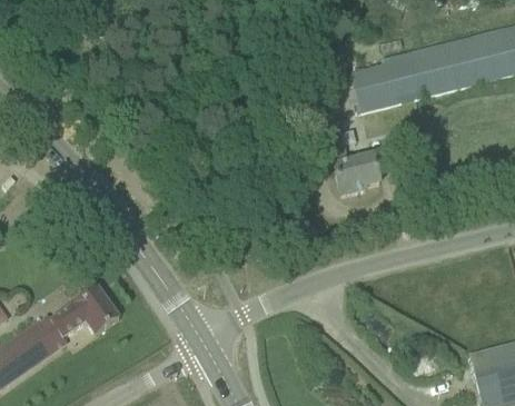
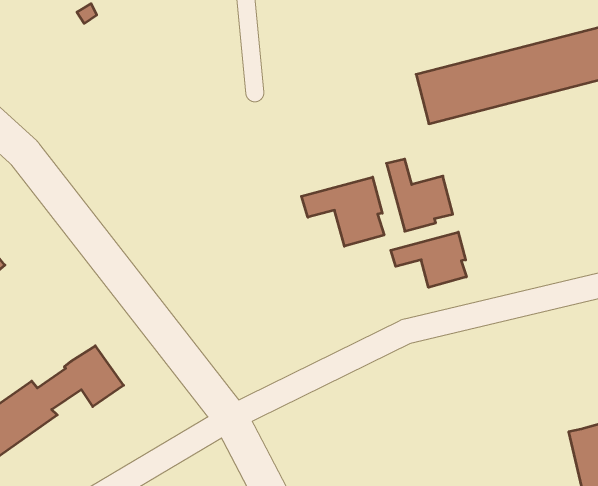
building: none -> [301,177,384,246]
building: none -> [391,232,466,287]

